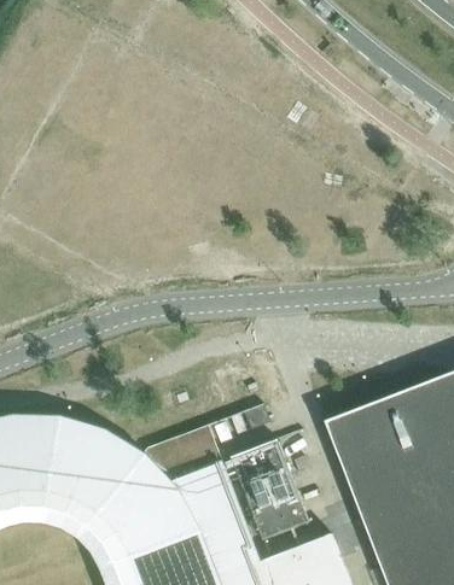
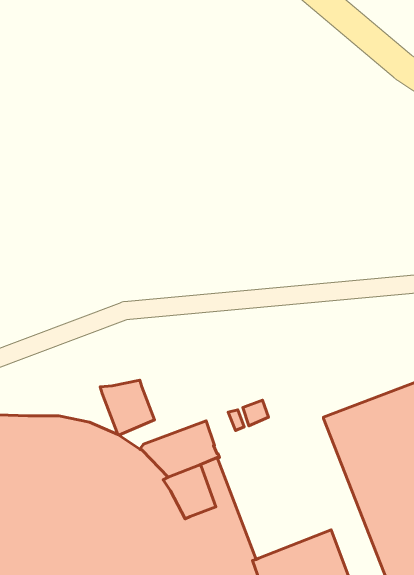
building: none -> [100,380,155,435]
building: [231,440,309,542] -> none

